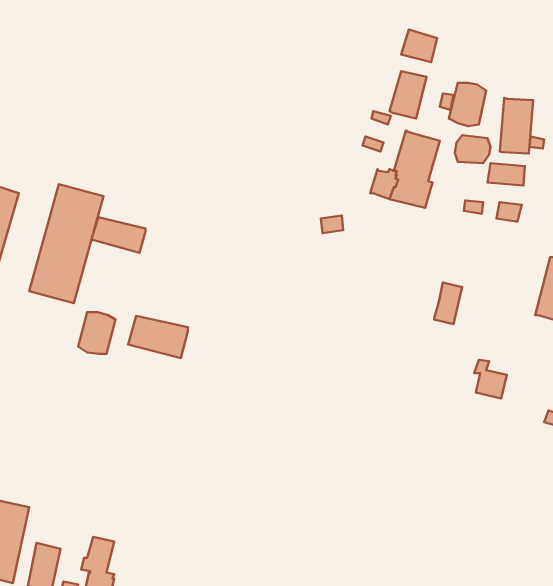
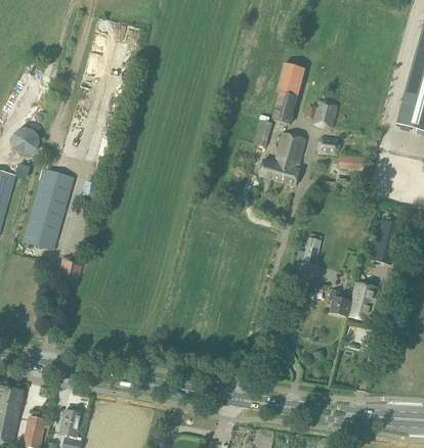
building: [500,98,533,154] -> none
building: none -> [11,126,40,154]
building: [92,217,146,253] -> none
building: [128,316,188,358] -> none
building: none -> [348,280,379,320]

